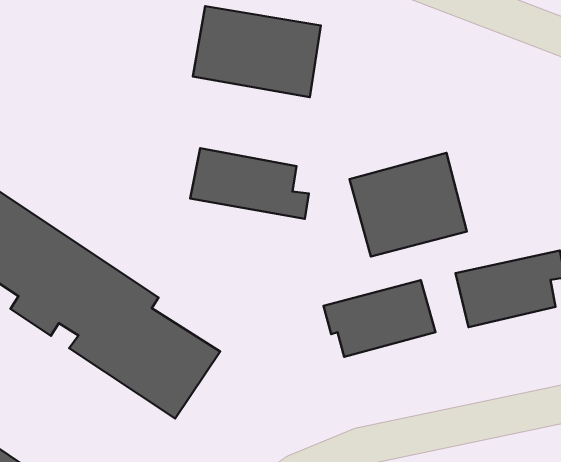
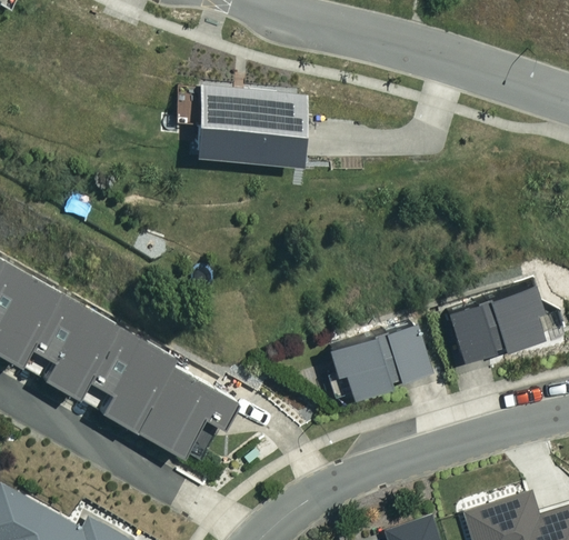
building: [190,148,309,219] -> none
building: [350,153,467,257] -> none

